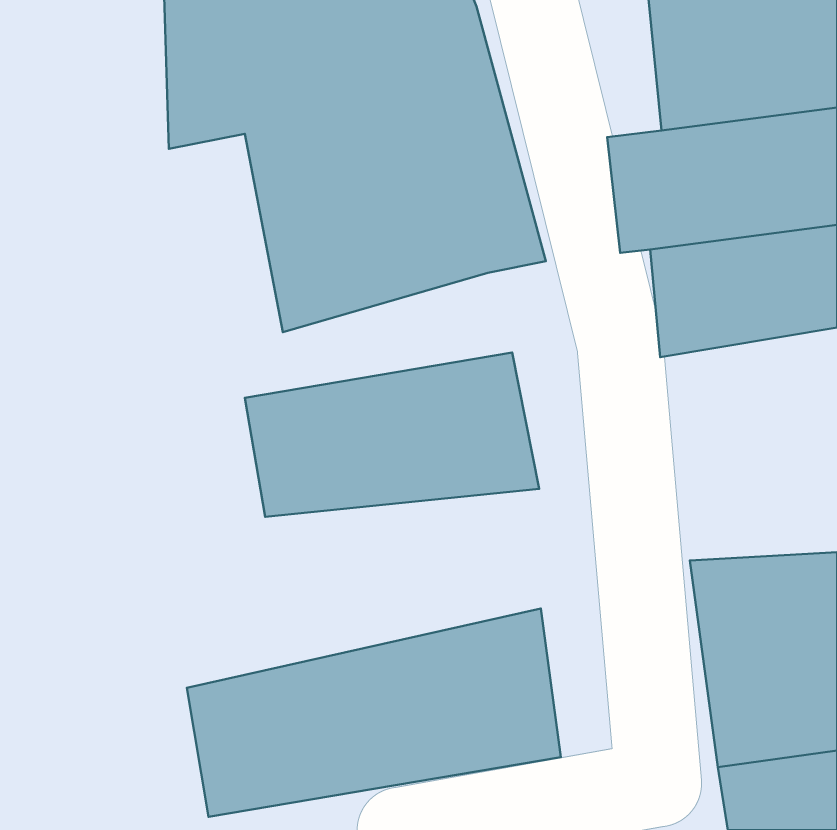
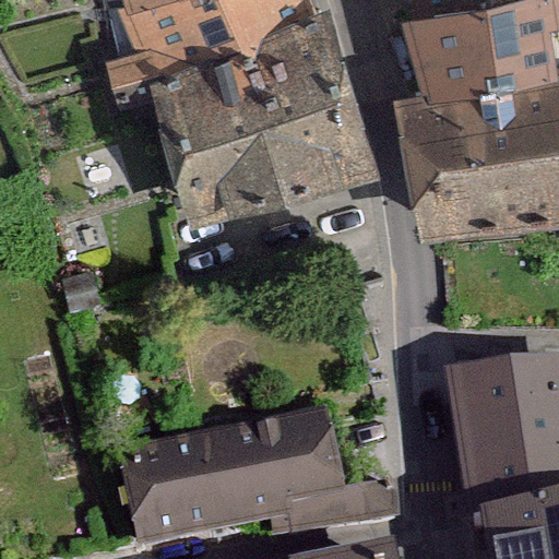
building: [245,353,539,517] -> none

